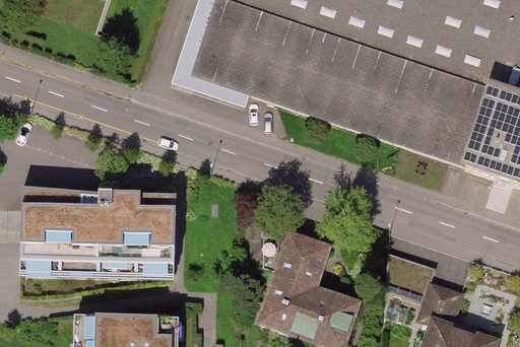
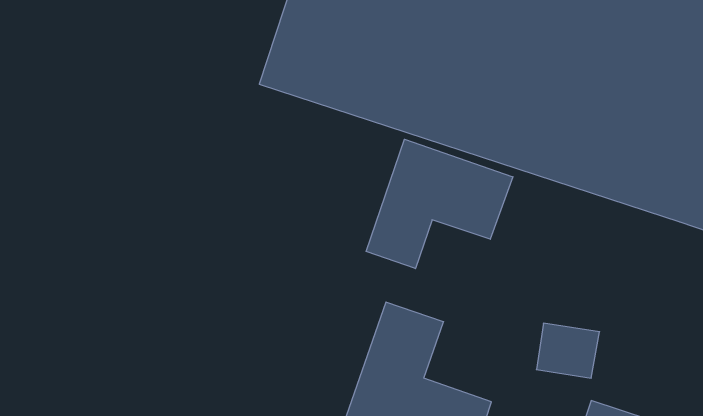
building: none -> [366,139,513,269]
building: [25,185,172,277] -> none

